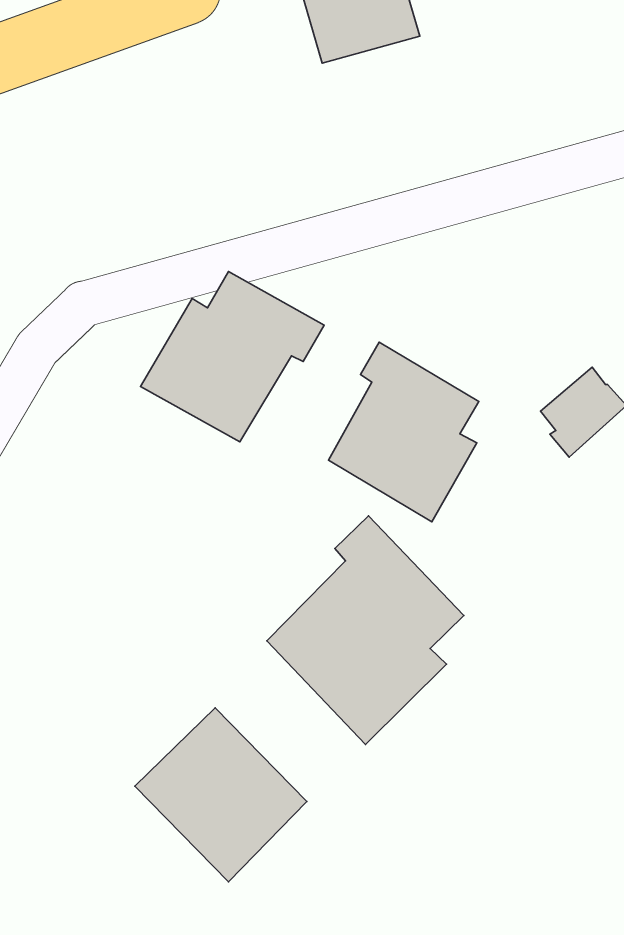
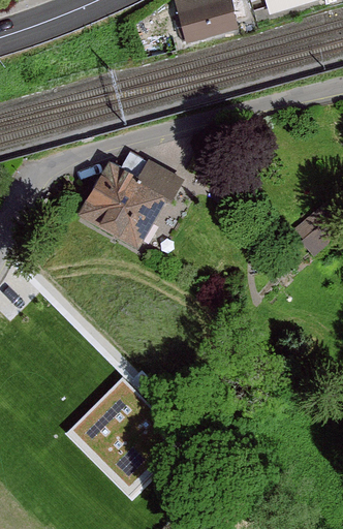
building: [328,342,479,522] -> none
building: [267,516,464,744] -> none

